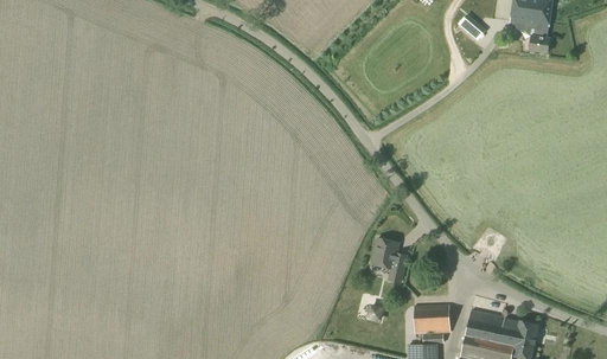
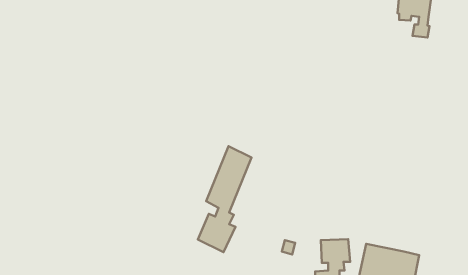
building: none -> [198,146,251,252]
building: [371,238,405,283] -> none

